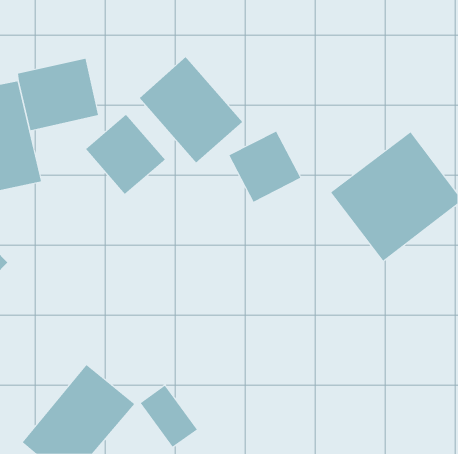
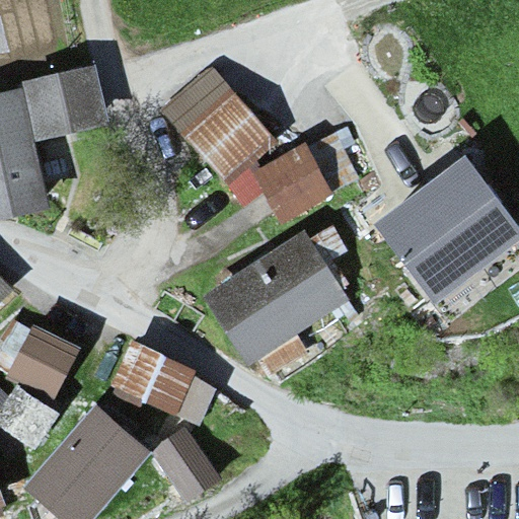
building: [85,114,166,195] -> none
building: none -> [205,235,350,371]
building: none -> [5,327,79,404]
building: none -> [108,341,218,428]

